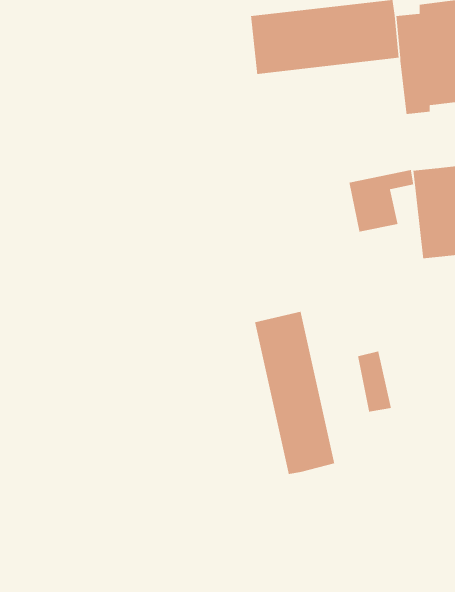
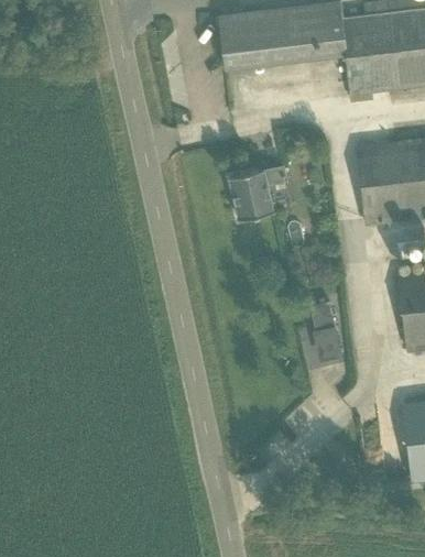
building: [348,169,414,232] -> [230,166,286,220]
building: [254,311,335,475] -> none

